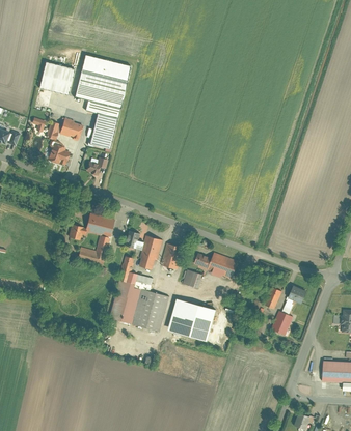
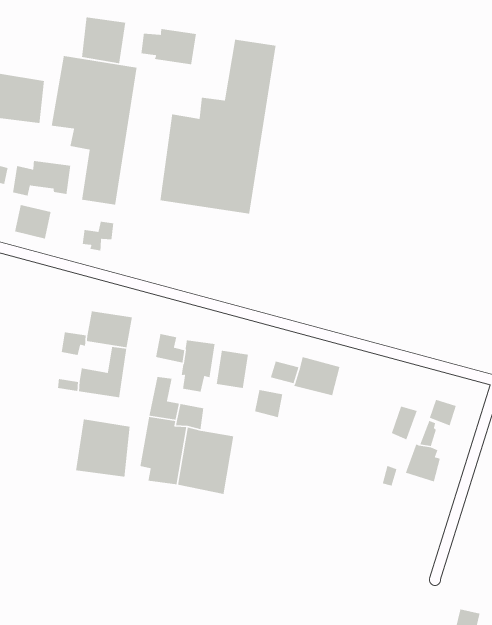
building: none -> [81,16,126,64]
building: none -> [141,28,197,65]
building: none -> [159,39,276,214]
building: none -> [75,418,130,477]
building: [167,296,216,339] -> none

